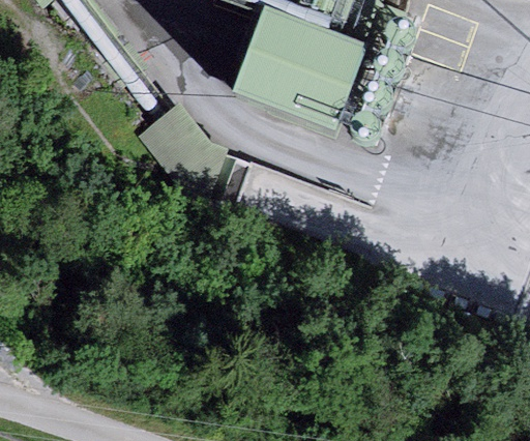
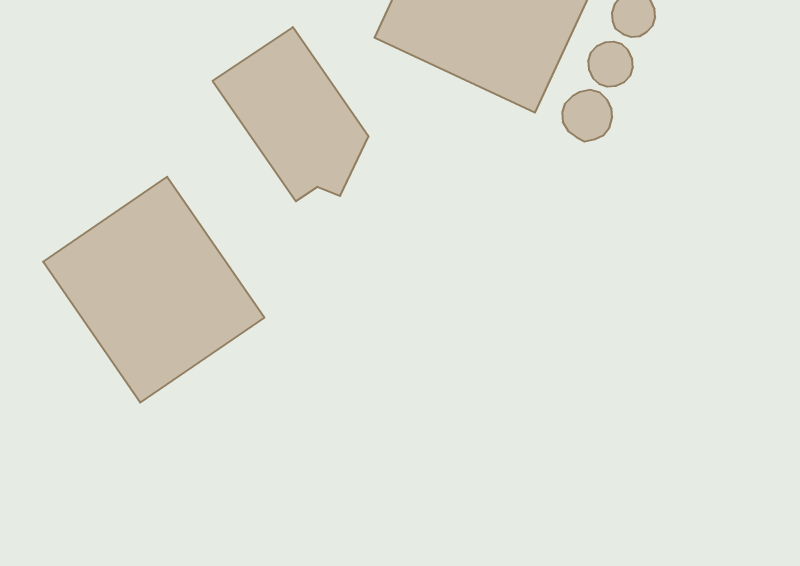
building: none -> [43,177,264,403]

